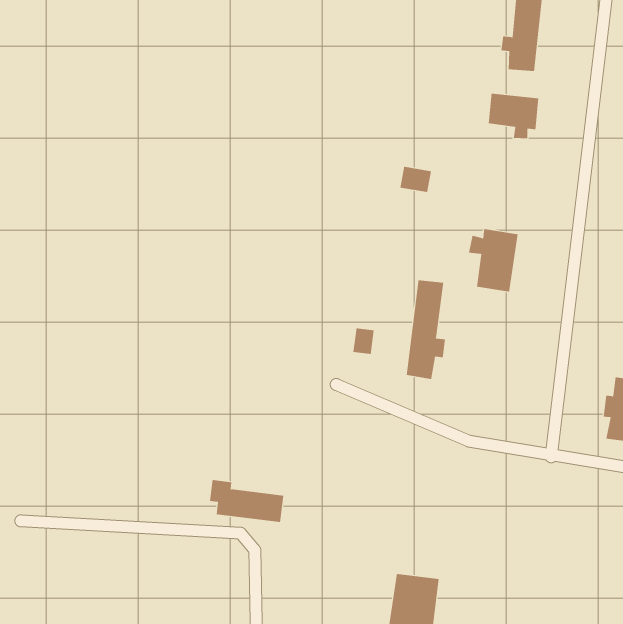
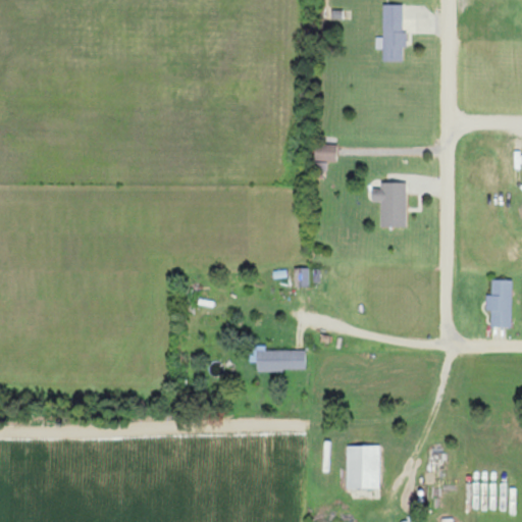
building: [488,93,539,139] -> none
building: [406,280,445,380] -> none
building: [209,480,284,523] -> [251,346,306,371]

